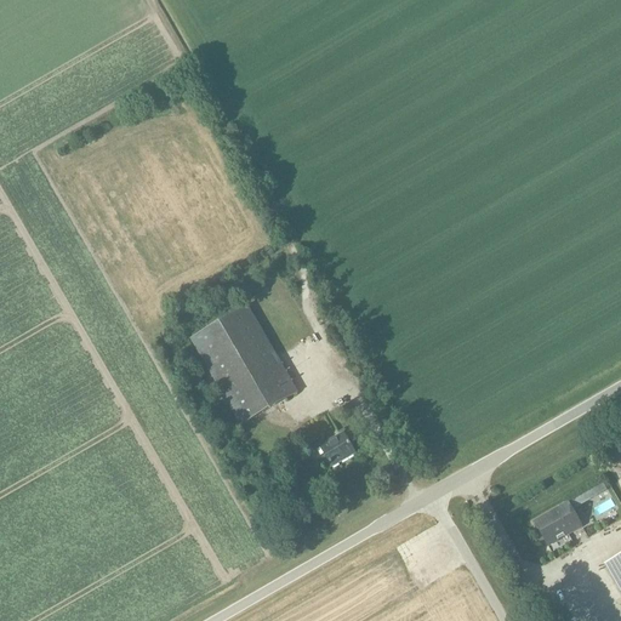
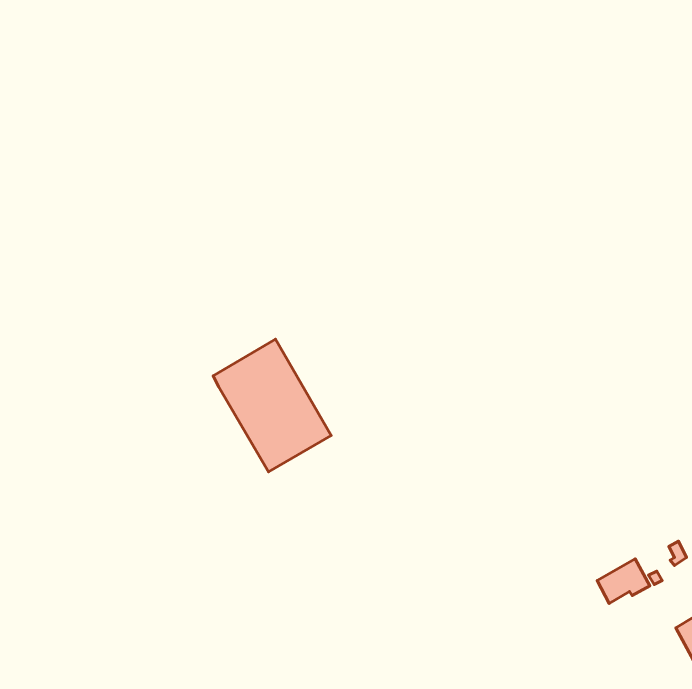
building: [320,431,355,463] -> none

